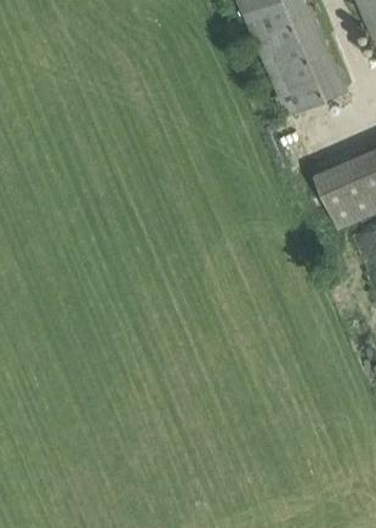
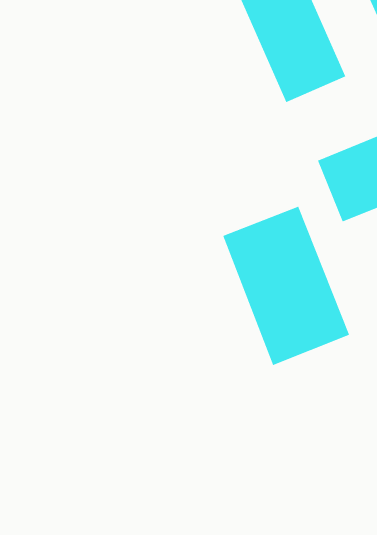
building: none -> [222,206,350,366]

